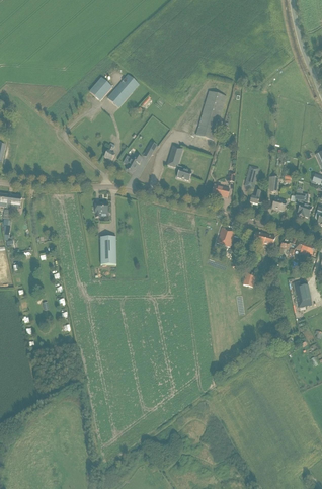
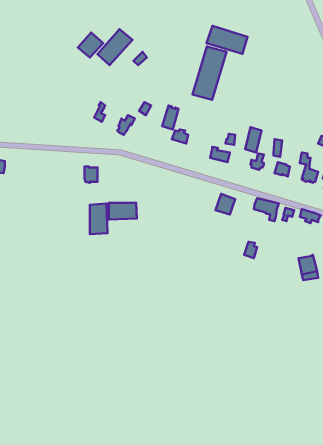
building: none -> [206,26,248,54]
building: none -> [109,203,137,219]

